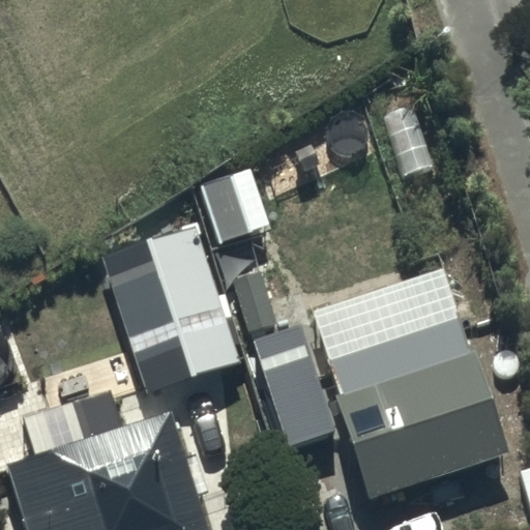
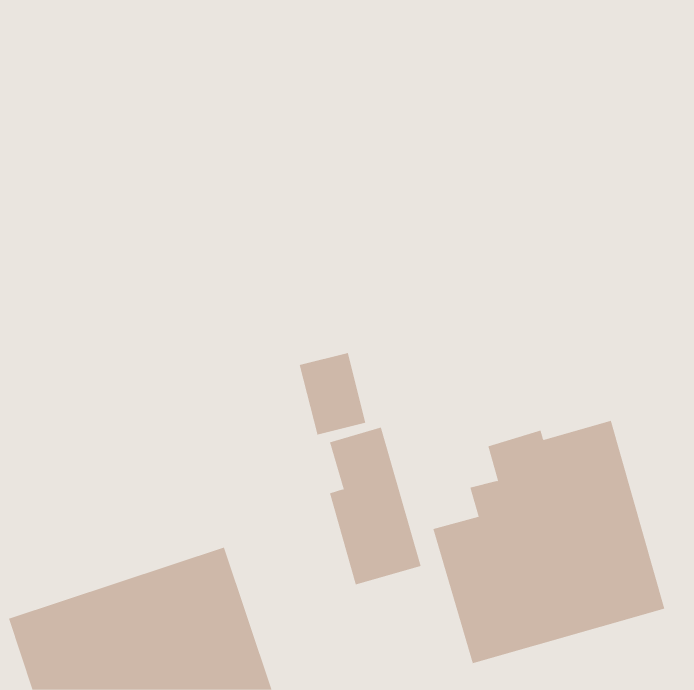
building: [102,224,237,389] -> none

